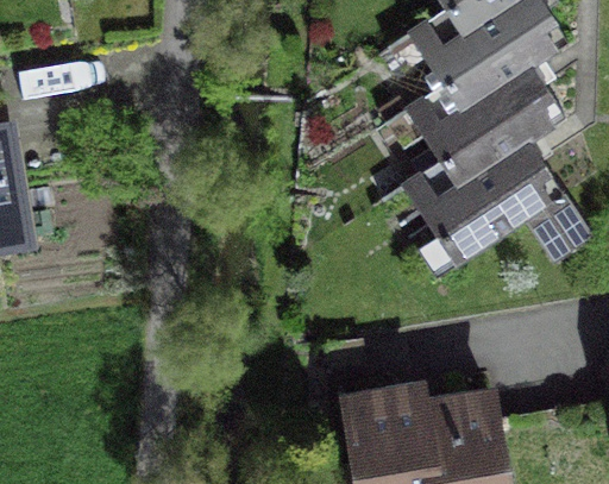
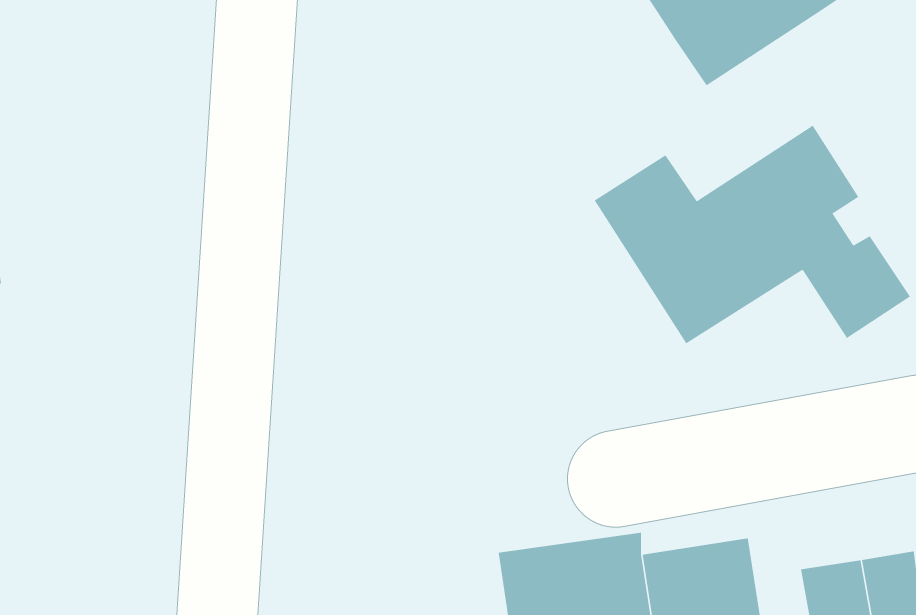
building: [410,57,571,176] -> none

